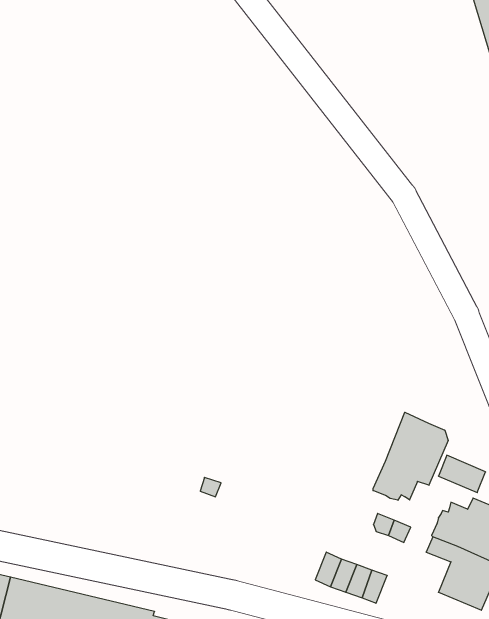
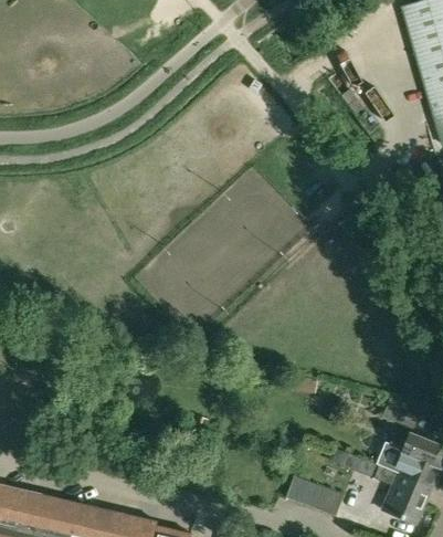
building: [373,412,448,500] -> none

